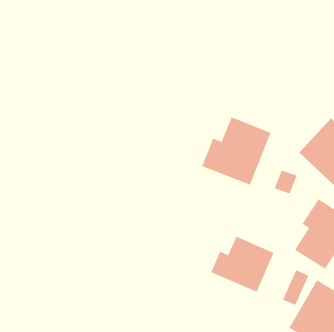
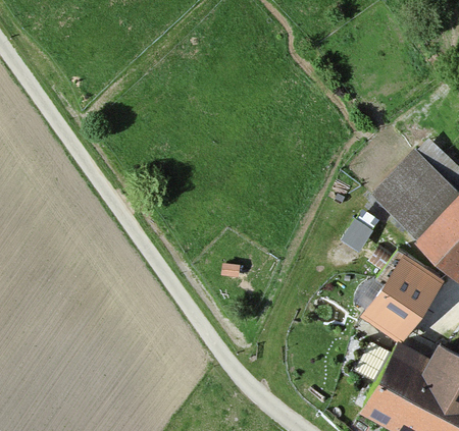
building: [202,116,271,185] -> none
building: [210,236,274,293] -> none

